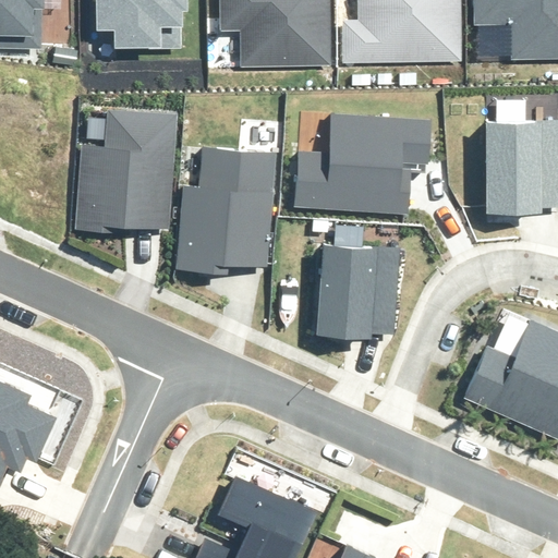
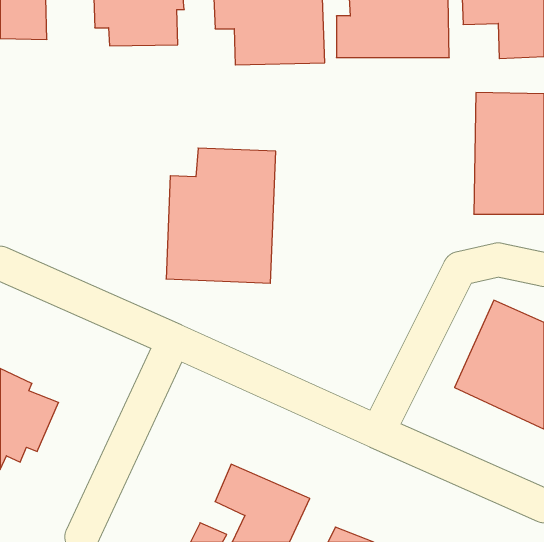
building: [73,108,177,231] -> none
building: [293,120,429,219] -> none
building: [316,240,398,339] -> none

